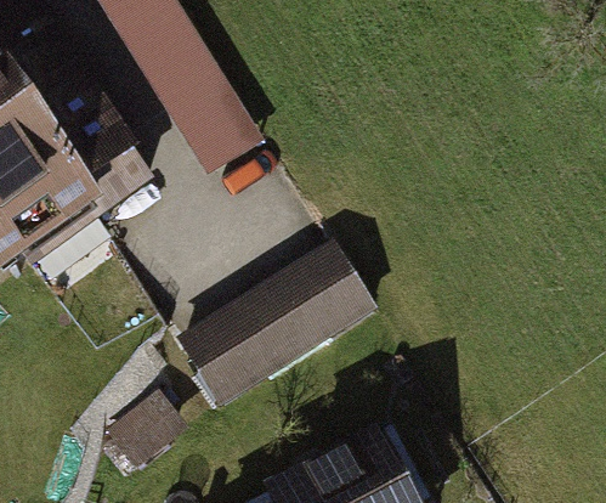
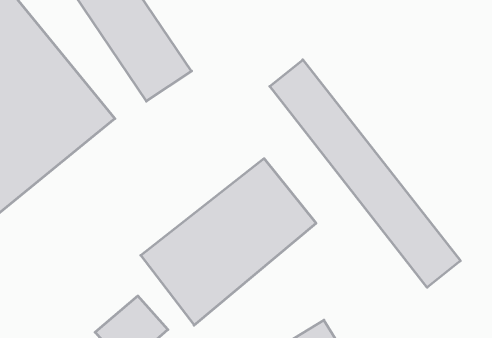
building: none -> [270,60,460,287]

